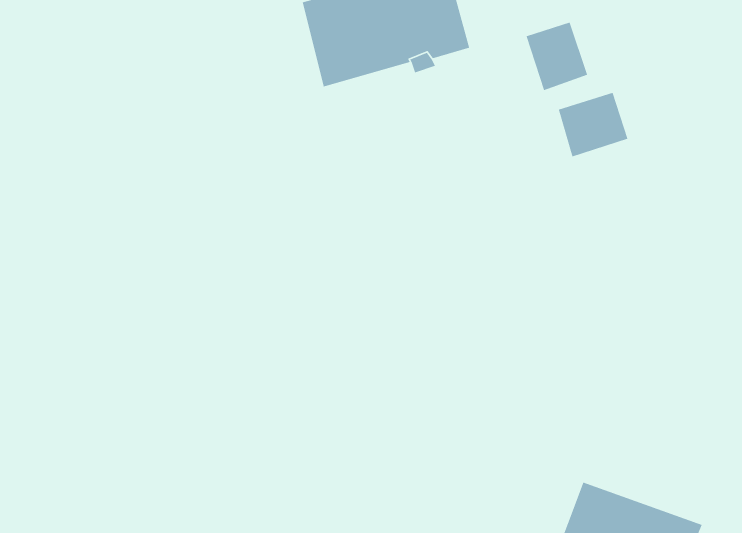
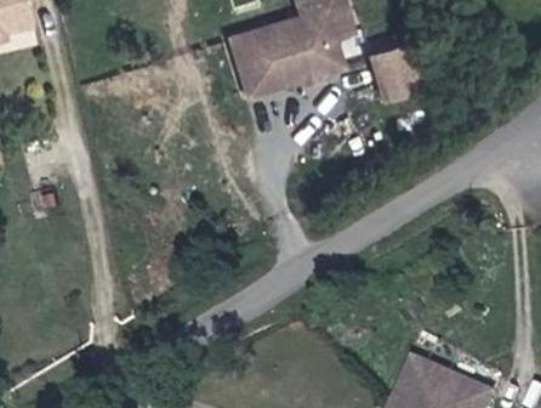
building: [558,92,629,158] -> none

